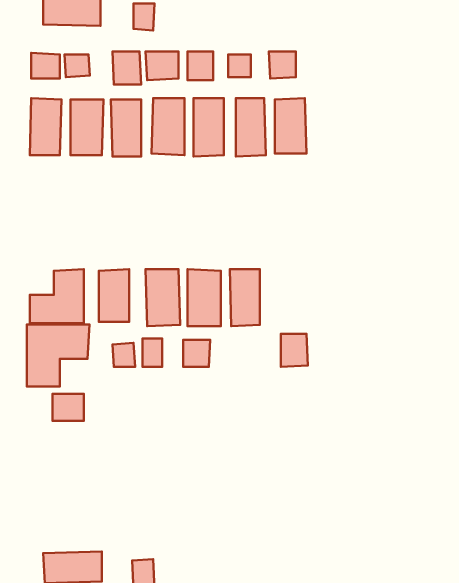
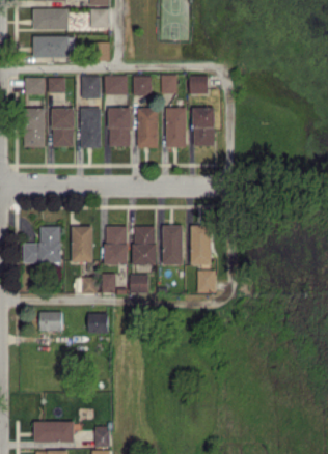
building: none -> [190,225,211,264]
building: [27,324,89,387] -> none
building: none -> [88,313,108,333]

